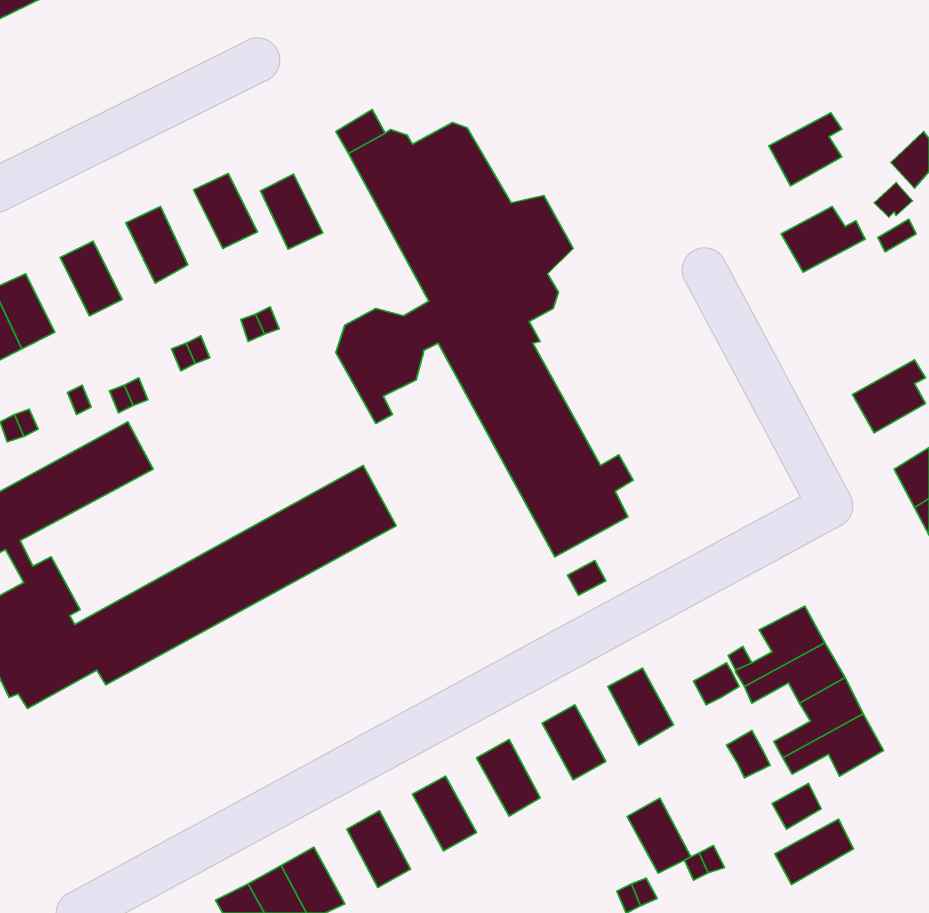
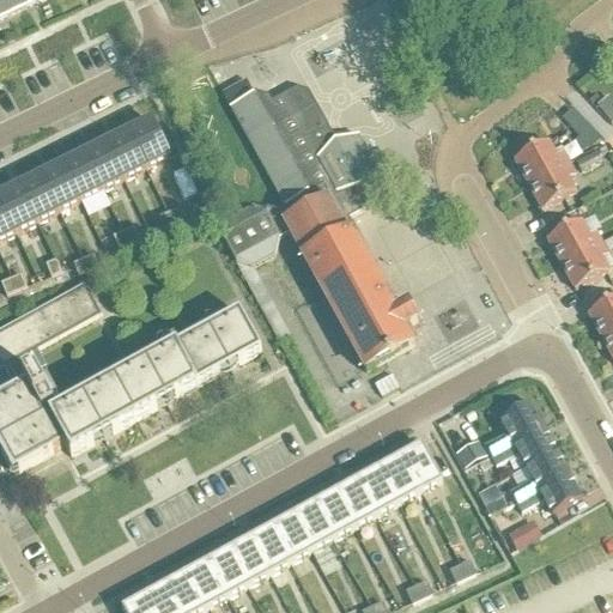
building: [769,113,842,186] -> [527,157,575,205]
building: [261,174,323,249] -> [105,125,146,174]
building: none -> [61,146,102,196]
building: none -> [17,169,59,218]
building: none -> [545,214,600,259]
building: none -> [334,474,376,523]
building: none -> [292,497,334,546]
building: none -> [249,521,291,570]
building: [627,798,691,873] -> [377,450,419,499]
building: [775,819,854,884] -> none
building: none -> [206,544,248,593]

